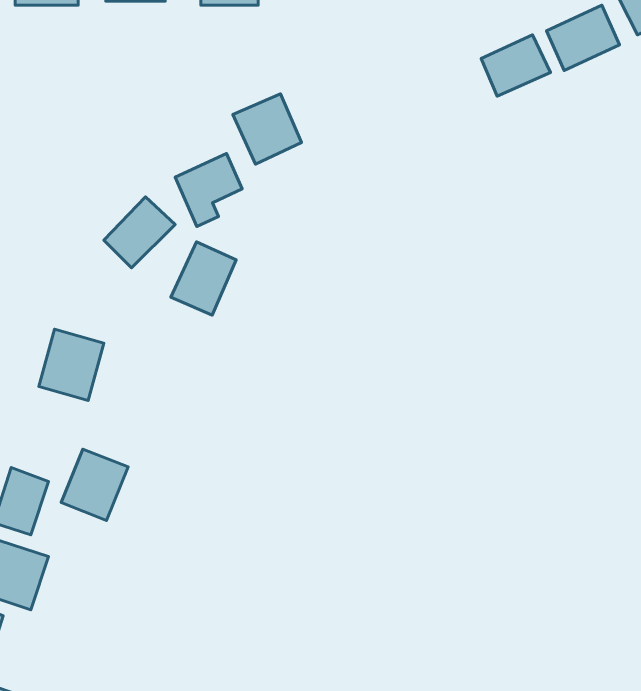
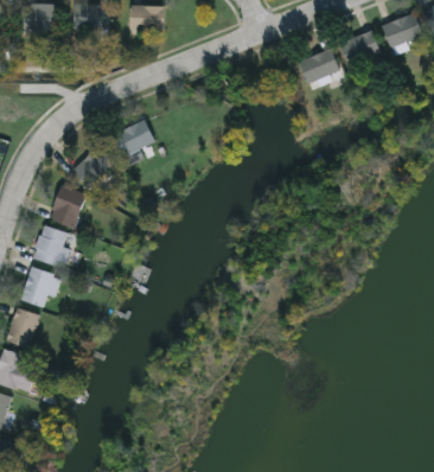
building: [233,94,302,164] -> none
building: [171,242,236,315] -> [49,185,88,229]
building: [61,449,128,520] -> [19,267,59,310]

